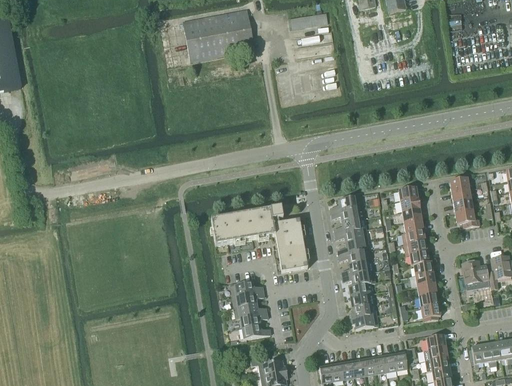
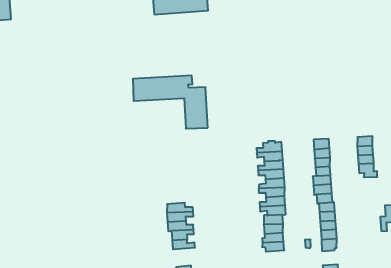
building: [212,207,308,271] -> [133,76,208,129]
building: [462,260,489,288] -> none

